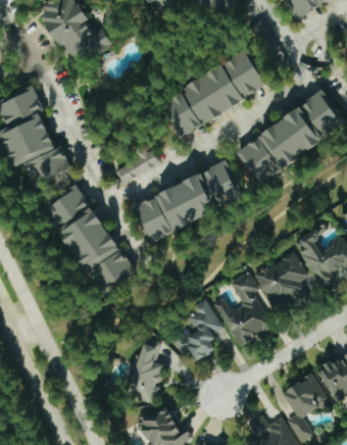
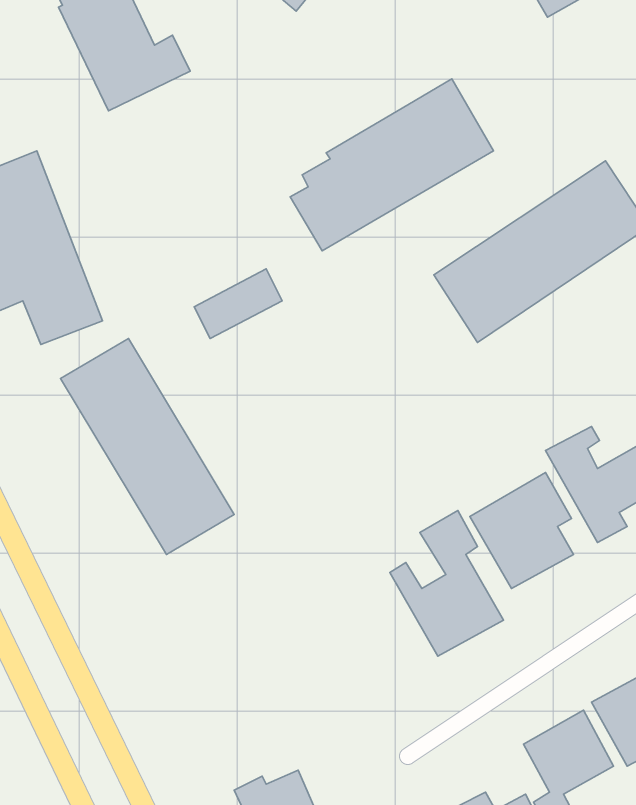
building: [132,164,240,243] -> none
building: [171,298,224,360] -> none
building: [131,335,163,402] -> none

